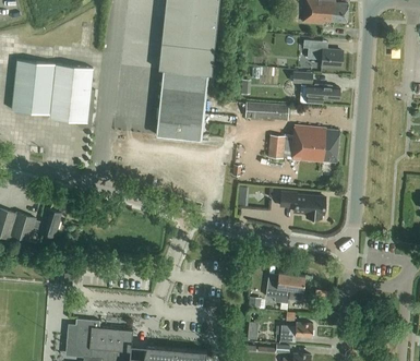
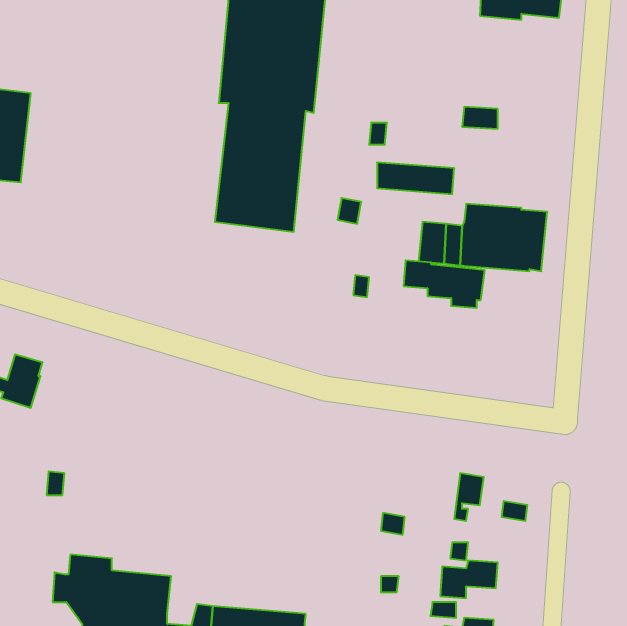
building: [303,39,343,67] -> none
building: [49,64,95,129] -> none
building: [300,84,339,104] -> none
building: [280,192,325,218] -> [404,260,485,308]
building: [266,272,291,310] -> none

